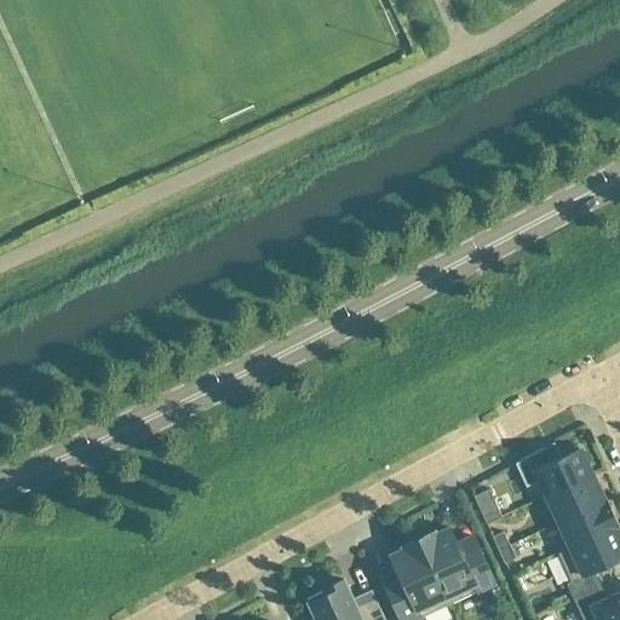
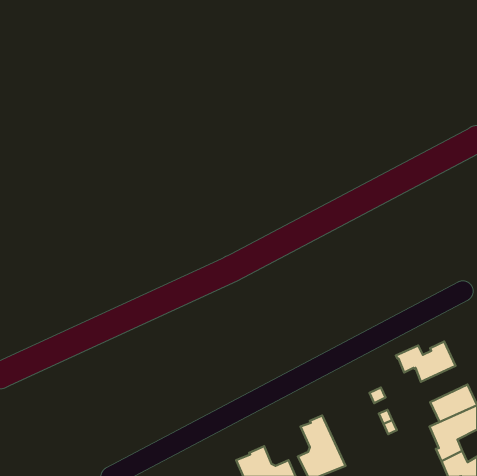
building: [546,476,607,523] -> none
building: [418,529,494,605] -> none

